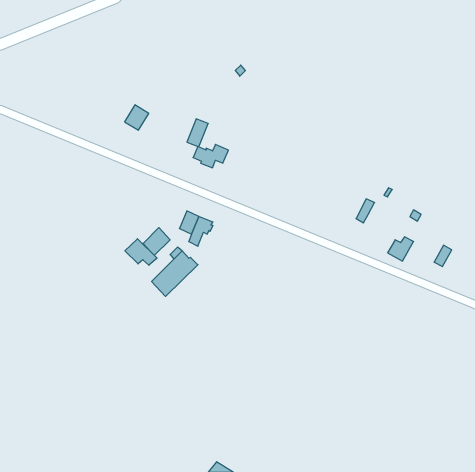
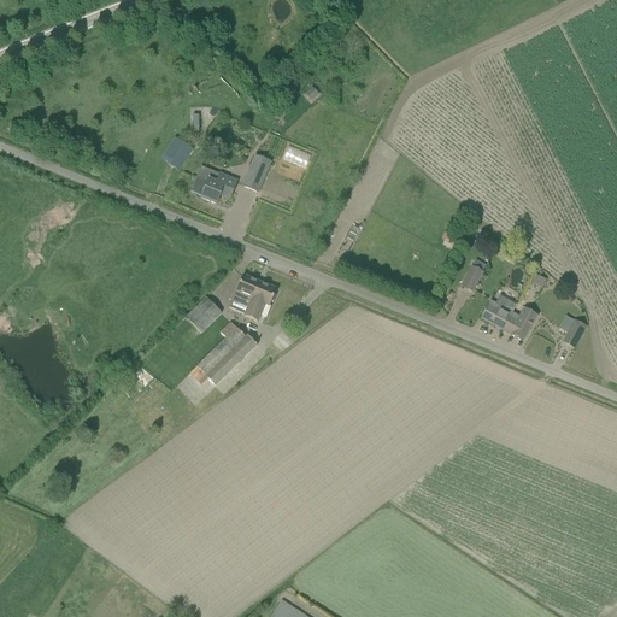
building: [193,144,228,168] -> [190,172,236,202]
building: none -> [481,293,517,328]
building: [125,239,157,265] -> none

